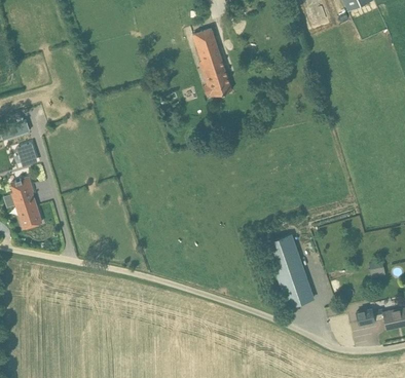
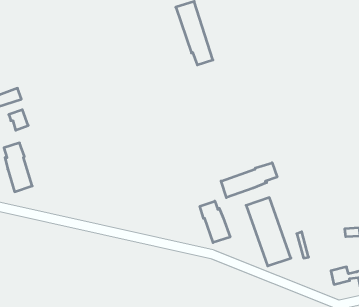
building: none -> [221,163,277,198]
building: none -> [200,201,230,243]

